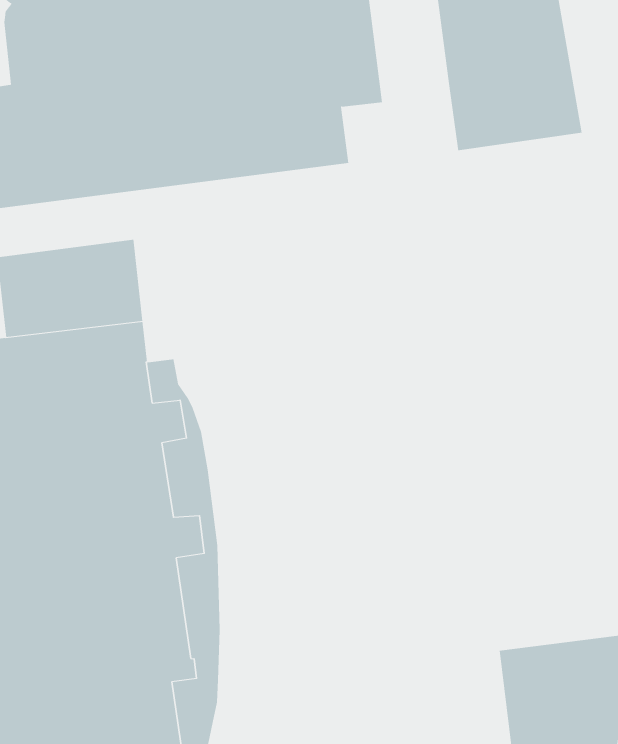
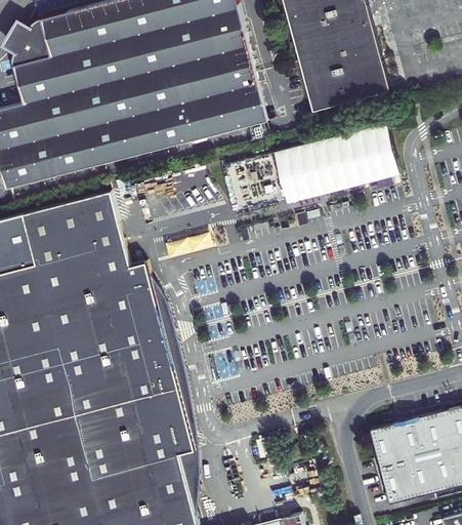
building: none -> [230,86,265,127]
building: none -> [270,127,395,203]

